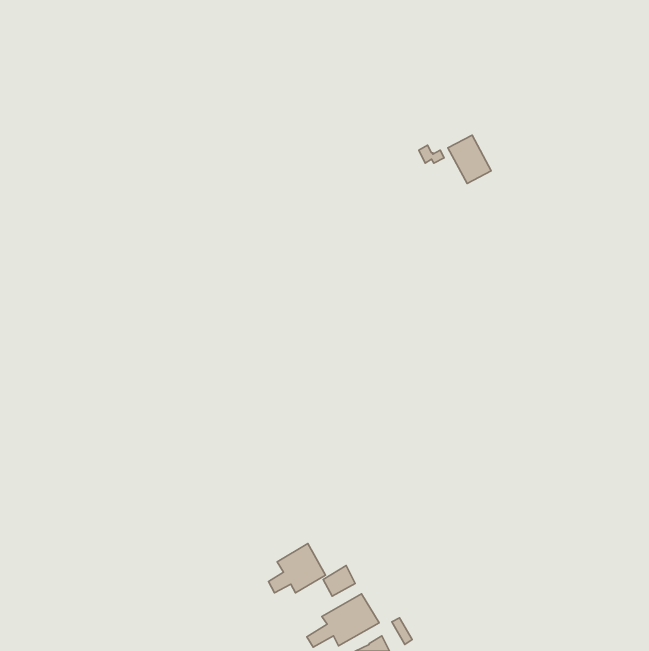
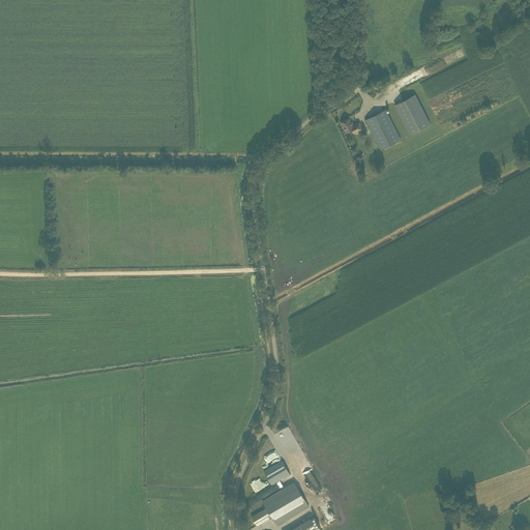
building: none -> [393,94,430,135]
building: [268,543,326,593] -> none

